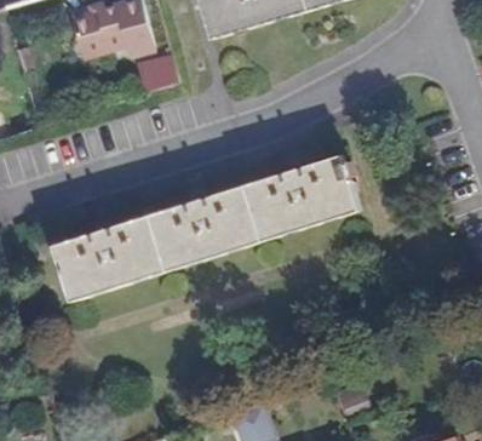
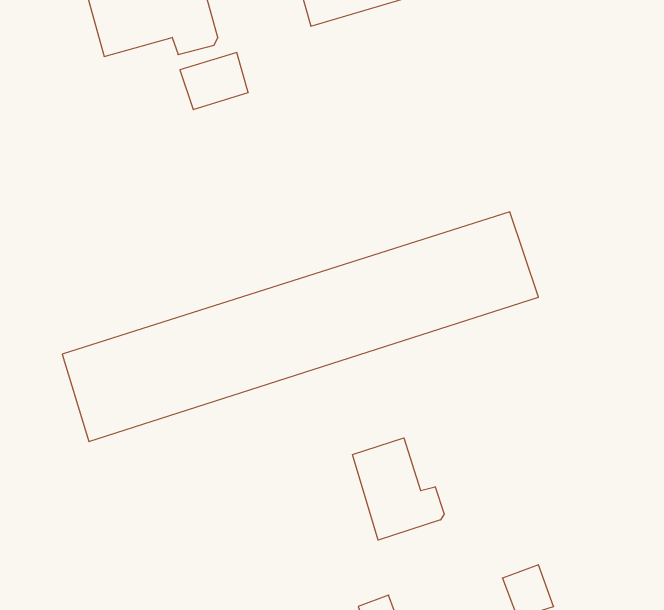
building: none -> [352,438,444,540]

